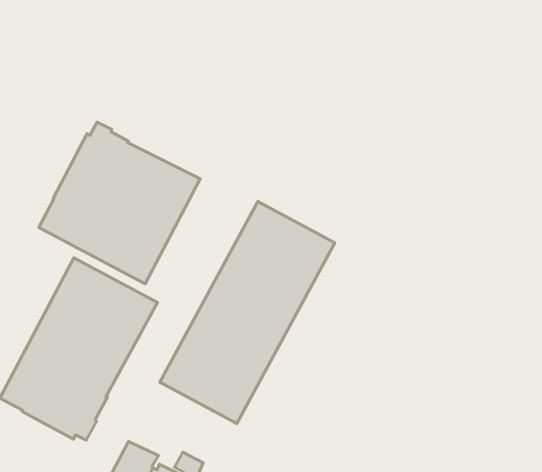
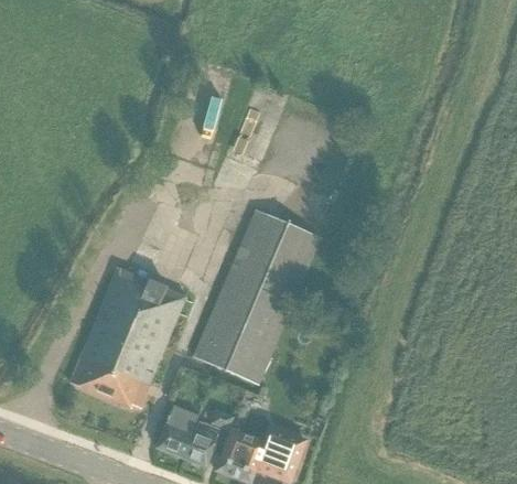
building: [39,122,200,284] -> none

